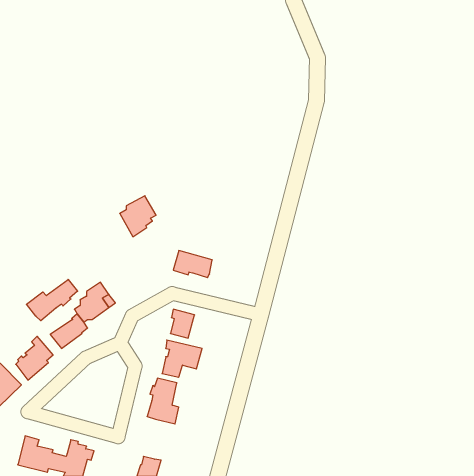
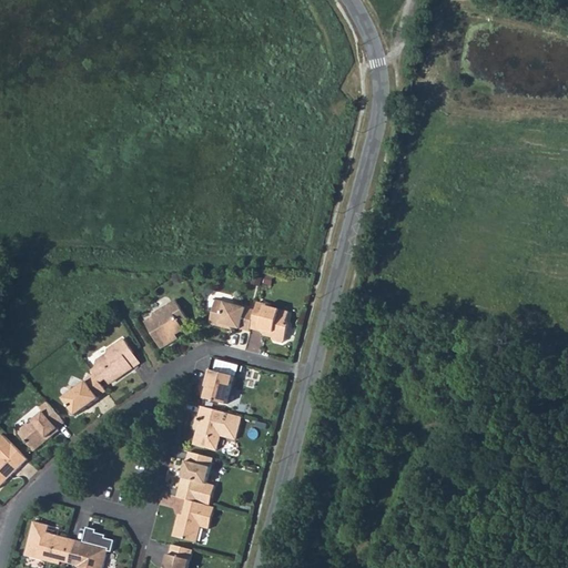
building: [120,196,156,237] -> [143,300,186,348]
building: none -> [250,301,288,344]
building: [26,279,78,321] -> none
building: none -> [172,499,222,542]

